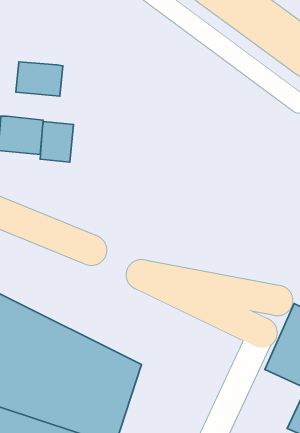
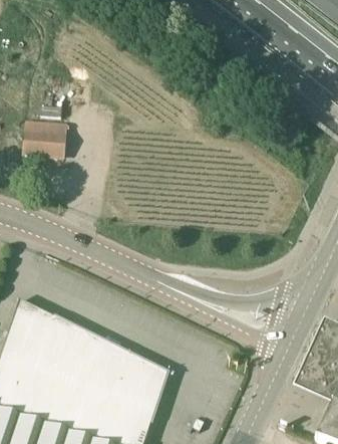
building: [16,62,63,96] -> none
building: [40,121,73,162] -> none

